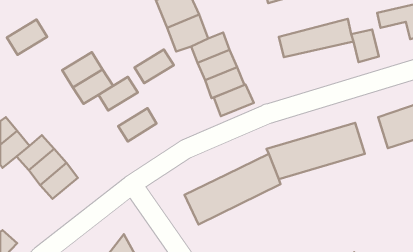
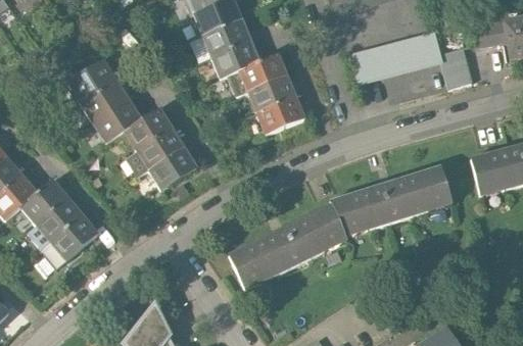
building: [7,20,47,55] -> [64,55,114,99]
building: [134,49,174,83] -> [135,127,184,168]
building: [214,85,254,116] -> none

